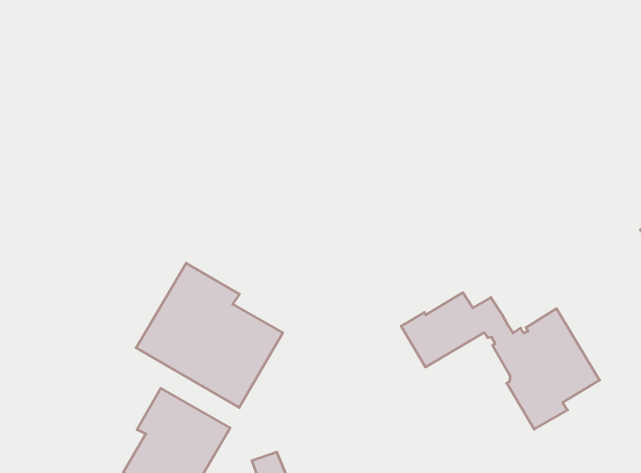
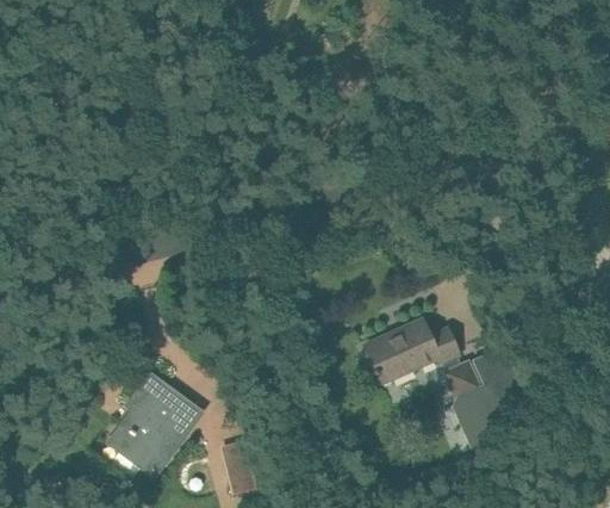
building: [136,263,283,408] -> none

